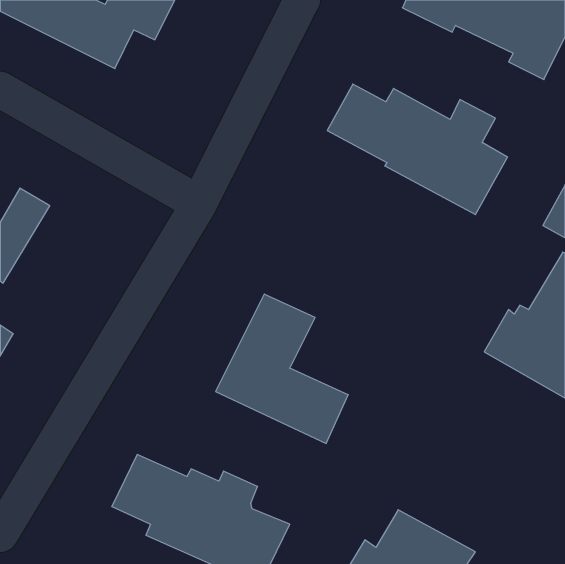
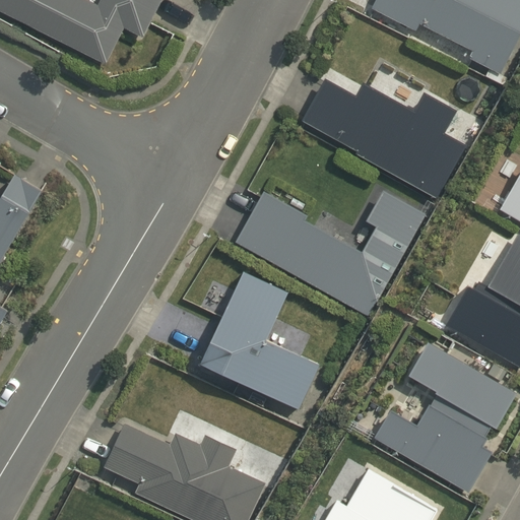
building: none -> [234,190,427,316]
building: none -> [373,342,515,491]

